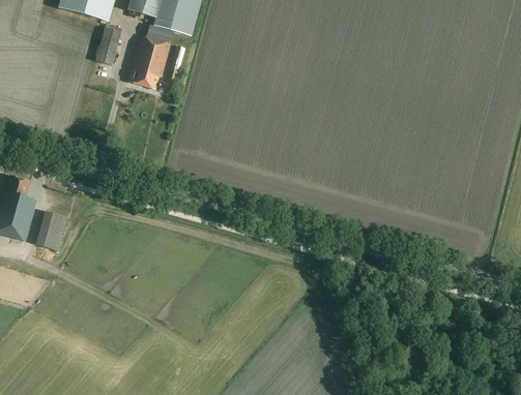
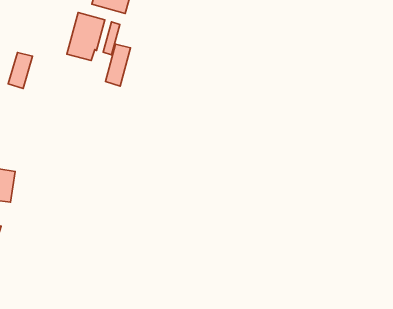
building: [95,26,122,66] -> [8,53,32,89]
building: none -> [106,44,130,86]

